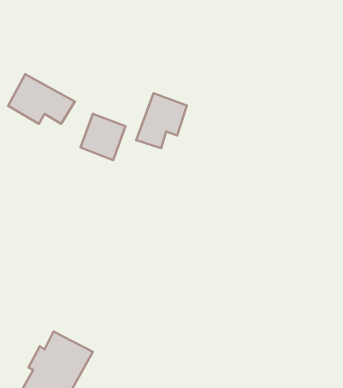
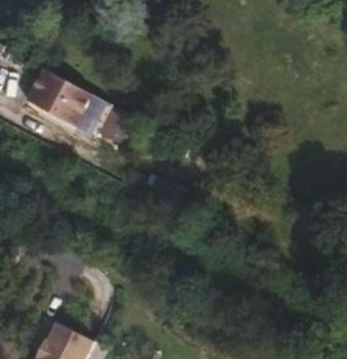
building: [136,93,187,148] -> none

